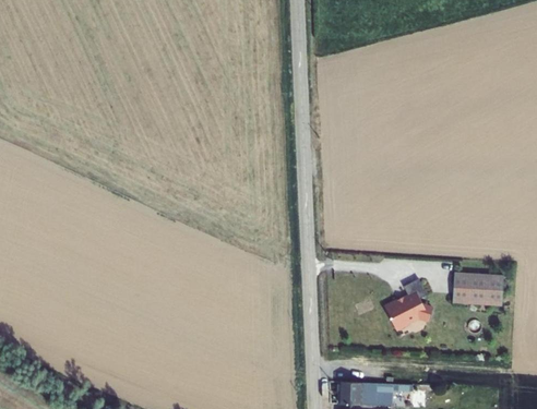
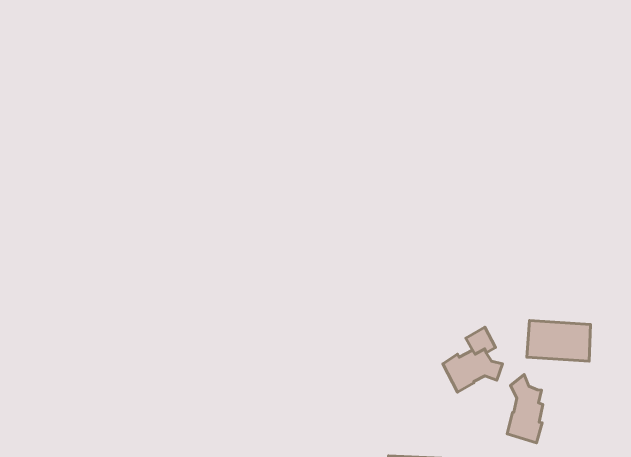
building: none -> [507,374,543,443]

